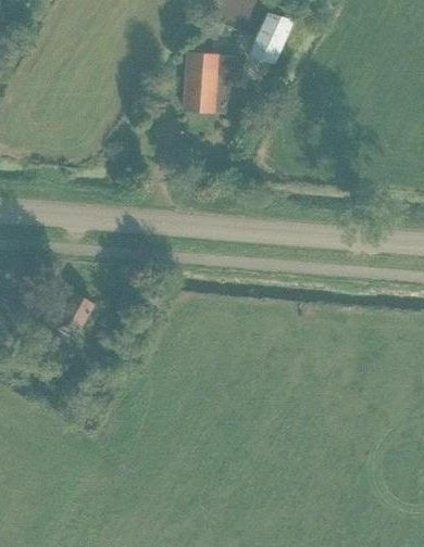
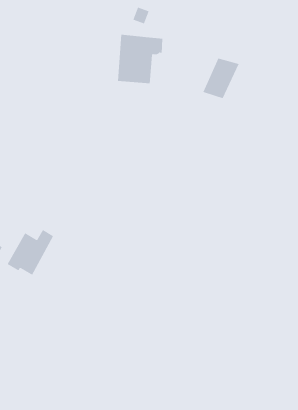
building: [246,11,292,63] -> [203,58,239,99]

